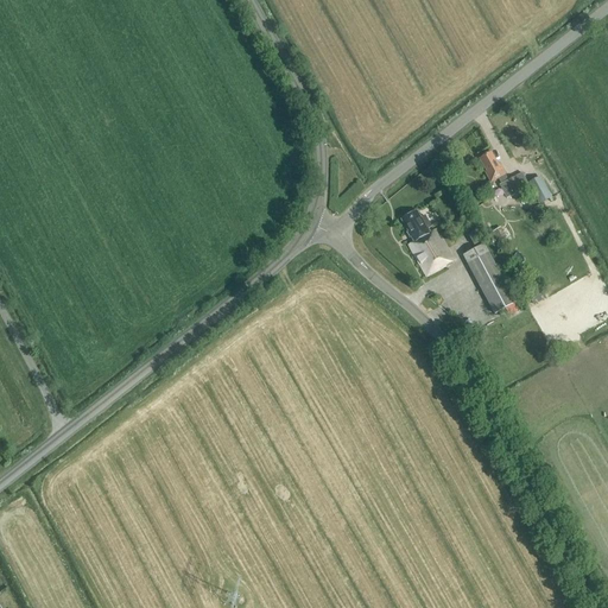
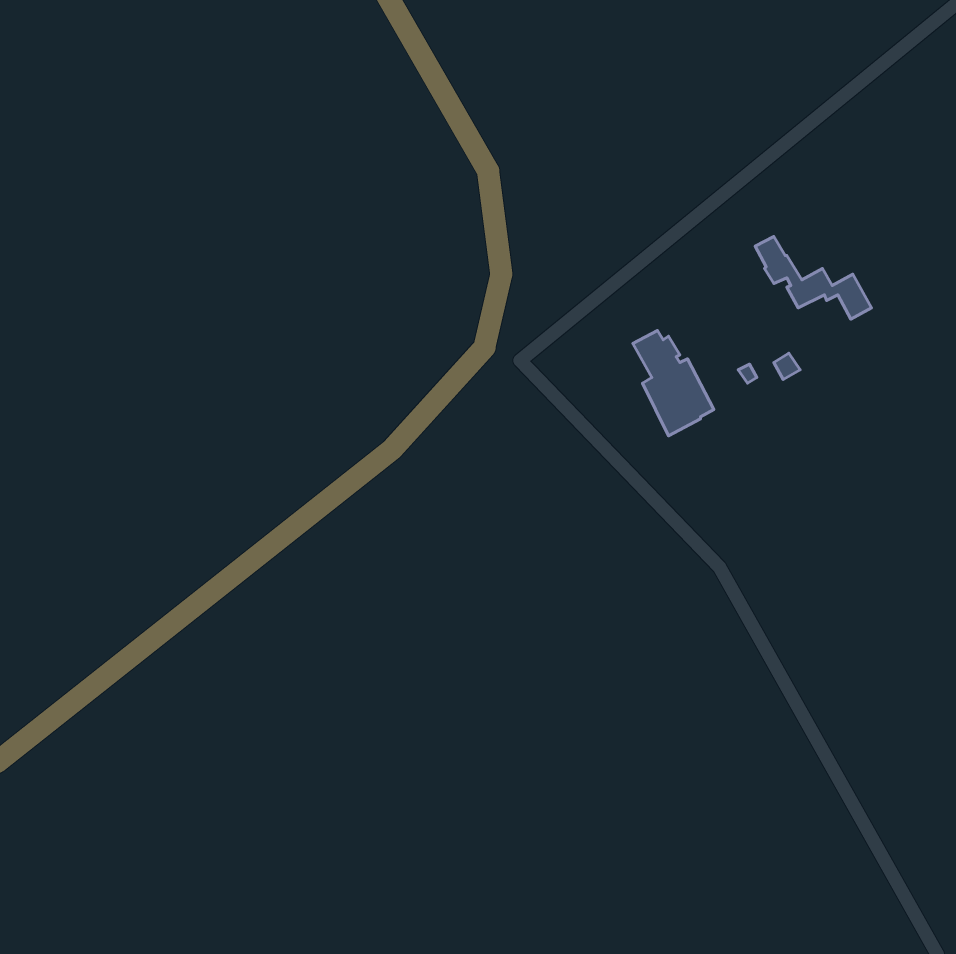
building: [462,241,514,311] -> none

